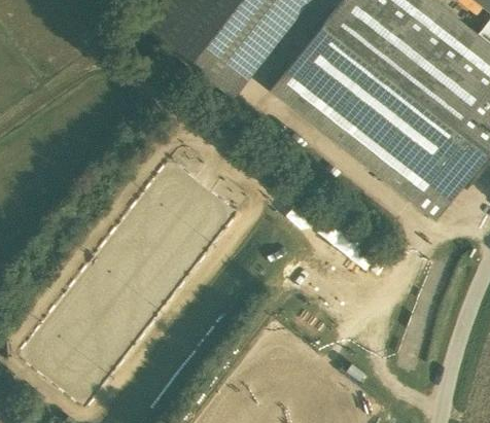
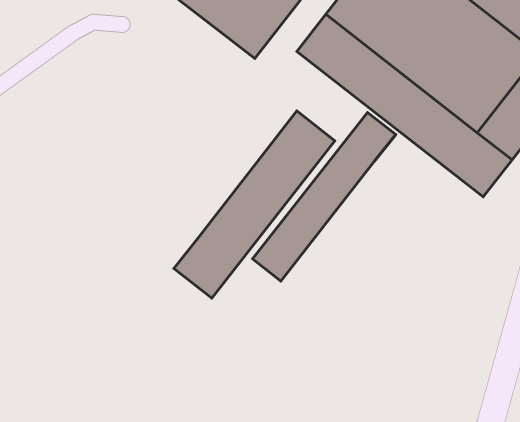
building: none -> [174,111,335,298]
building: none -> [253,112,396,281]

